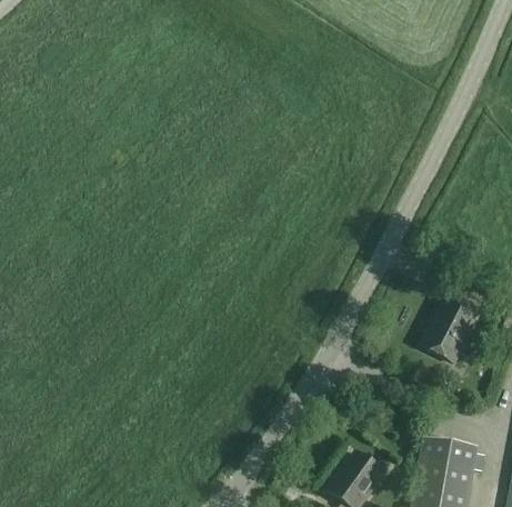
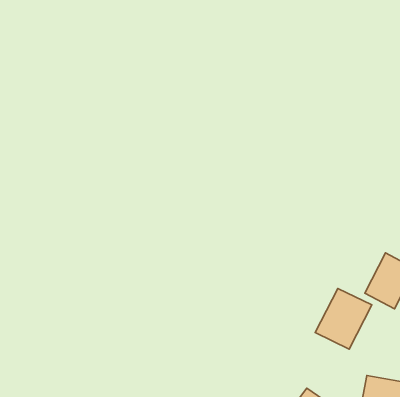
building: none -> [315,288,372,349]

